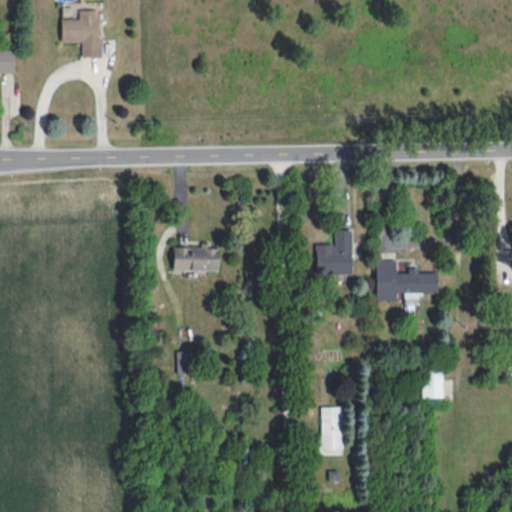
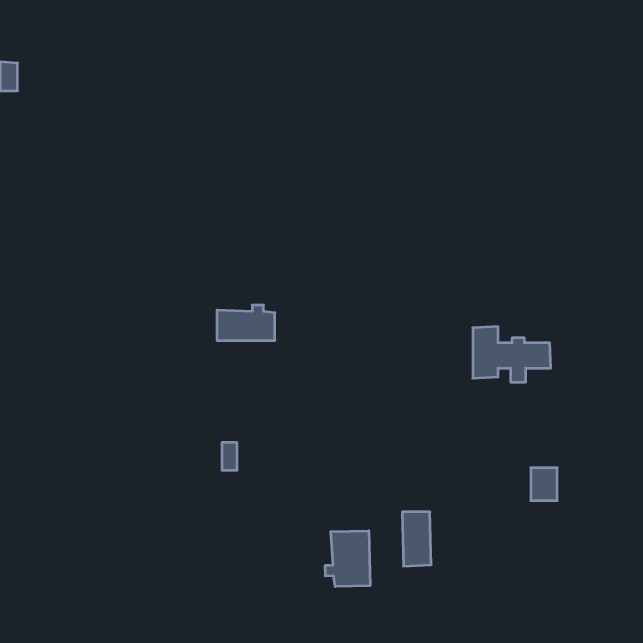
building: [62,11,100,58] -> none
building: [316,231,352,275] -> none
building: none -> [325,531,370,587]

